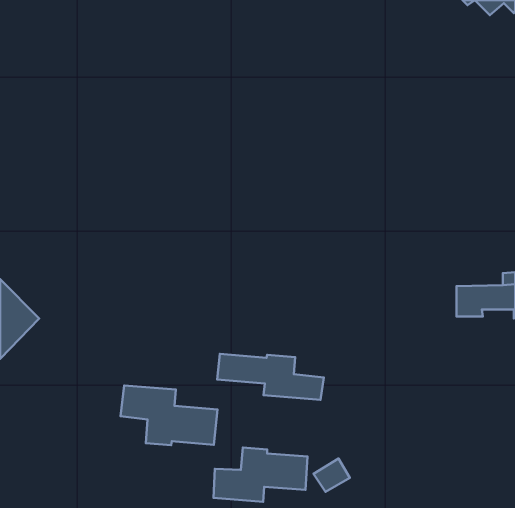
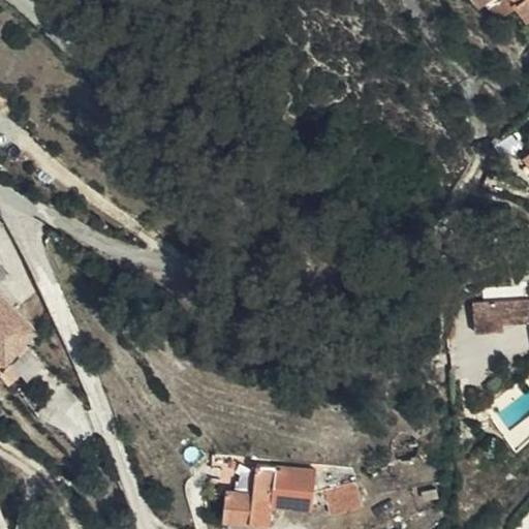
building: [217,354,324,400] -> none
building: [120,385,218,445] -> none

